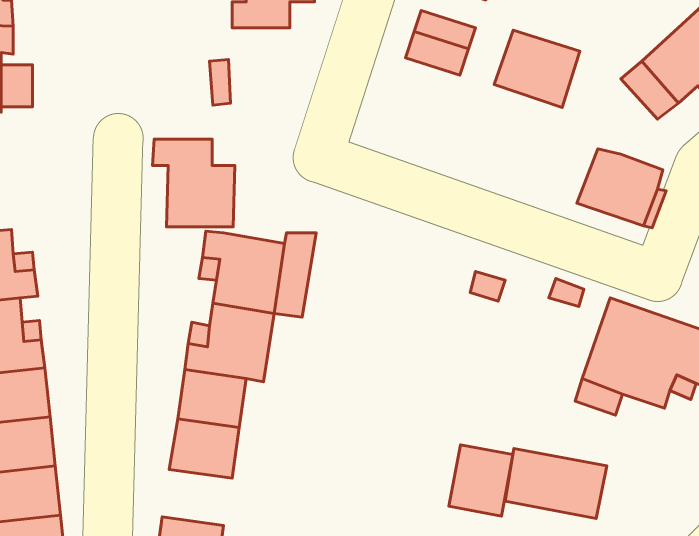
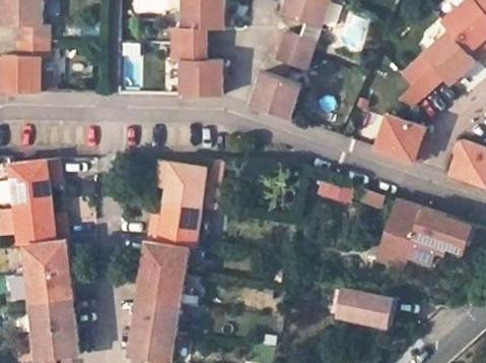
building: [494,30,580,107] -> [251,73,300,118]
building: [153,139,235,227] -> [172,44,220,95]
building: [449,445,513,516] -> none
building: none -> [133,300,173,332]

